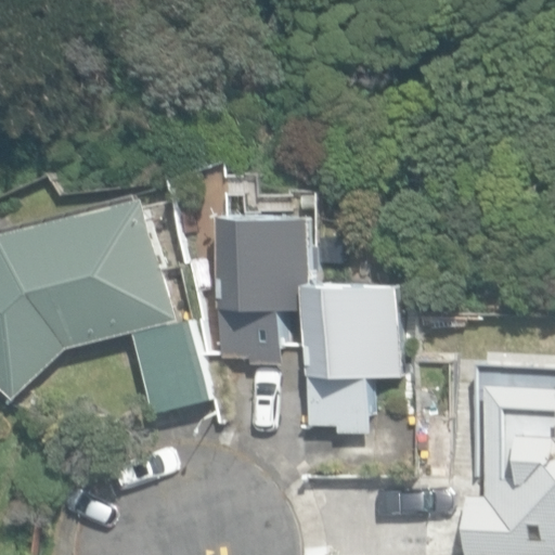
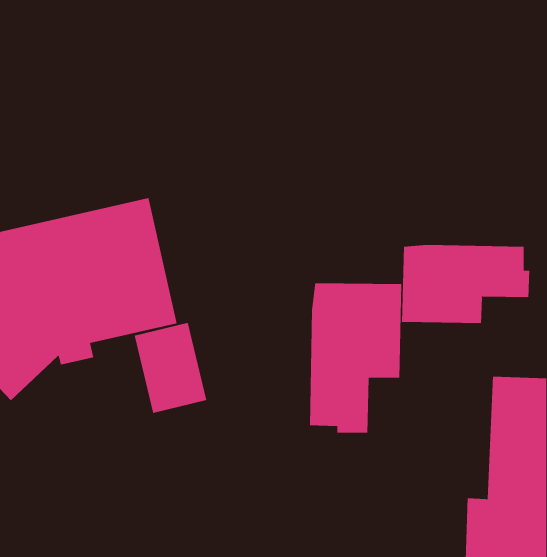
building: [219,214,313,363] -> none
building: none -> [401,244,530,324]

